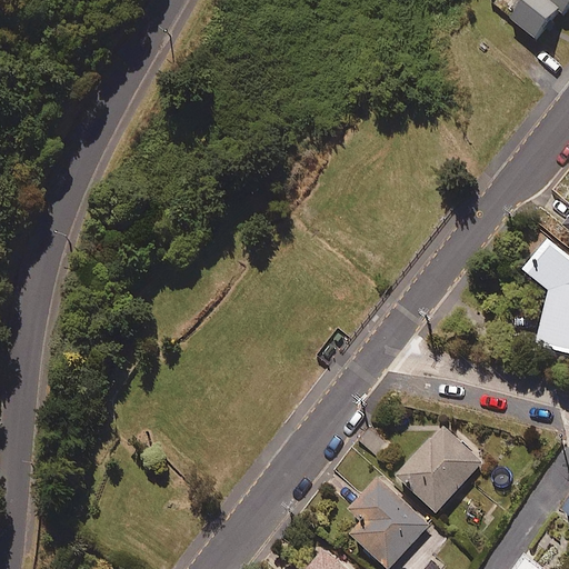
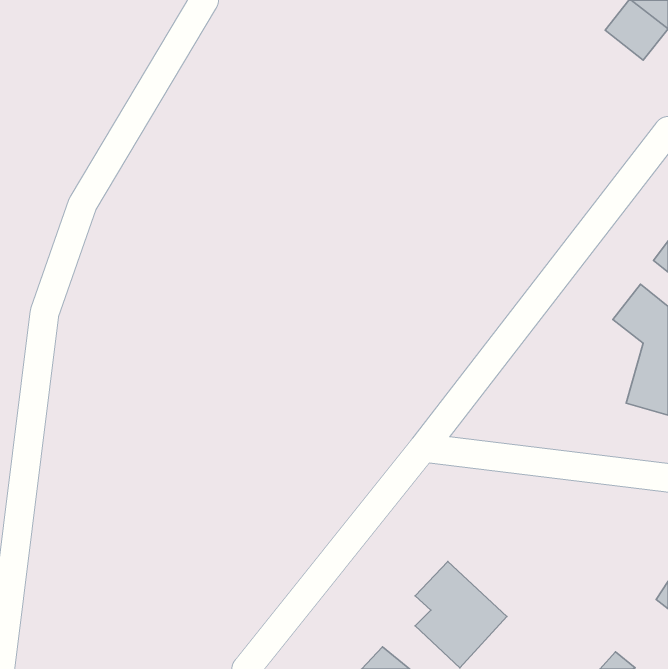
building: [398,423,485,510] -> none

